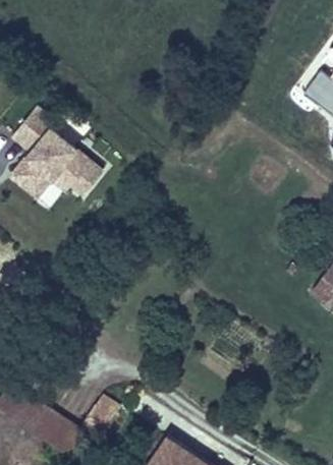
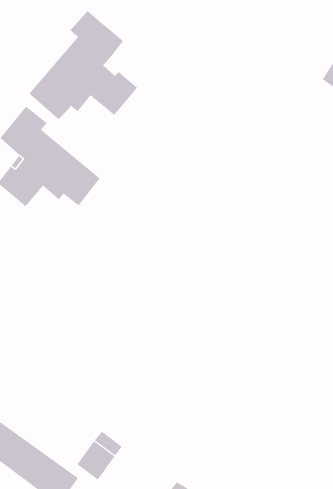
building: none -> [28,10,138,120]

